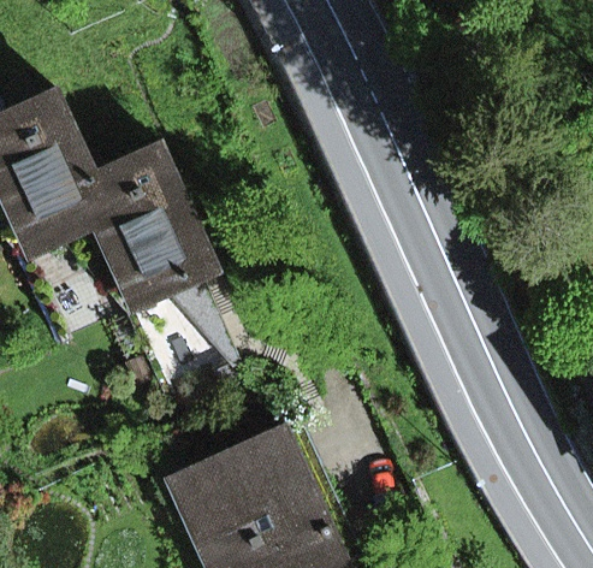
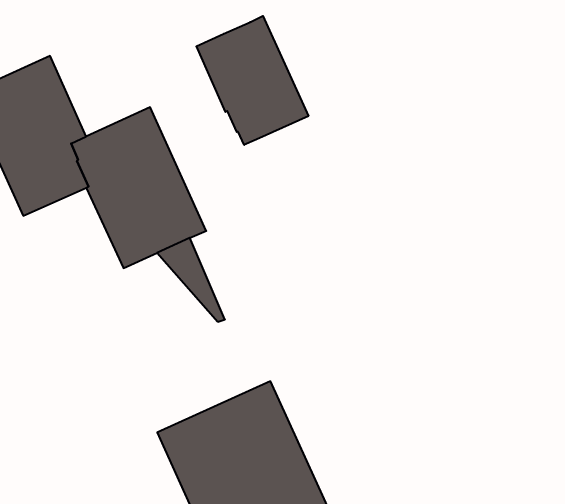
building: none -> [196,16,308,145]

